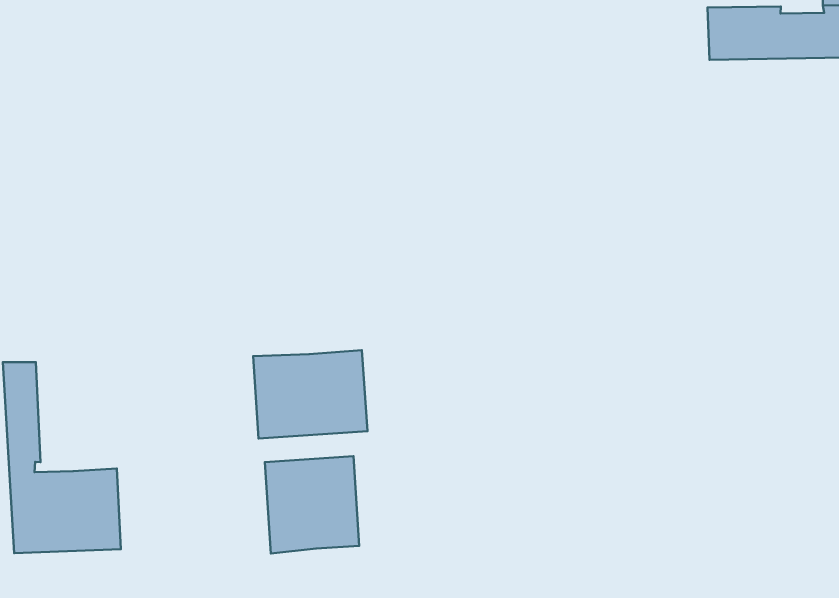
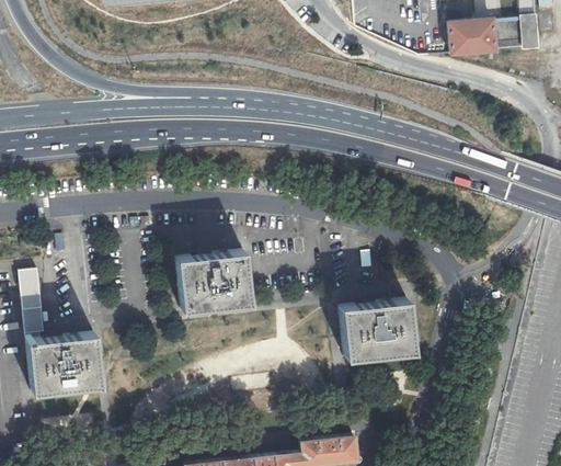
building: none -> [341,300,414,359]
building: [265,456,359,554] -> none

